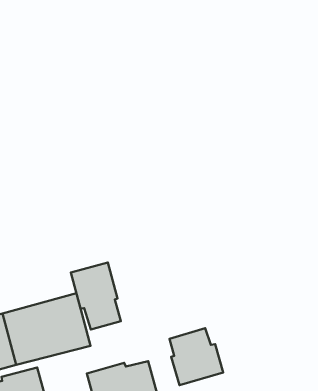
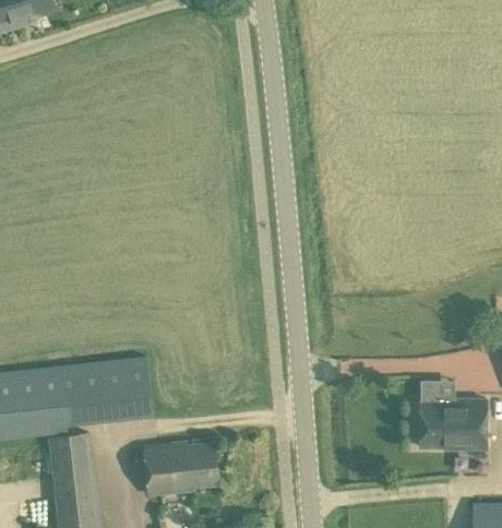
building: [71,262,121,329] -> none
building: [169,328,223,385] -> none

